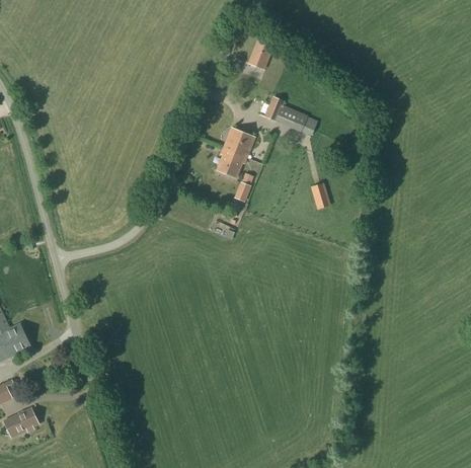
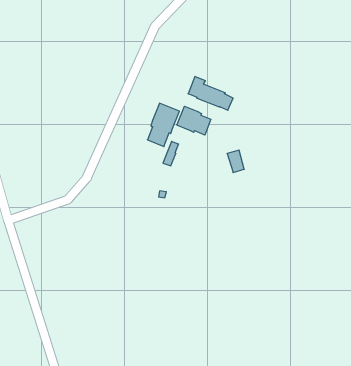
building: [247,36,274,70] -> none
building: none -> [177,106,211,135]

